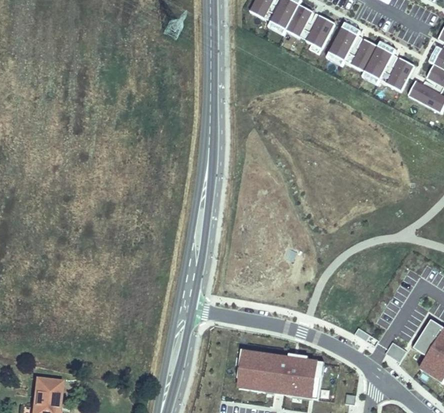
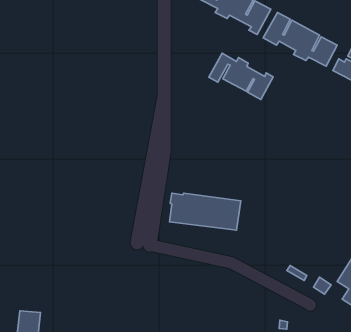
building: none -> [209,53,273,99]
building: [238,353,323,397] -> [169,193,241,230]

